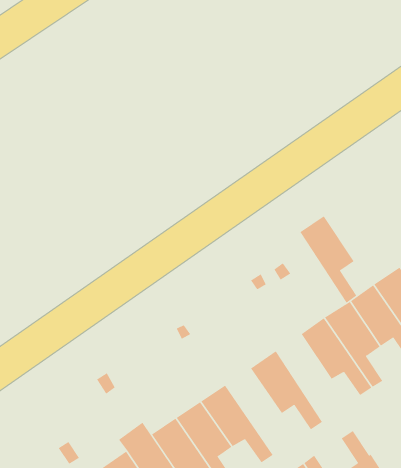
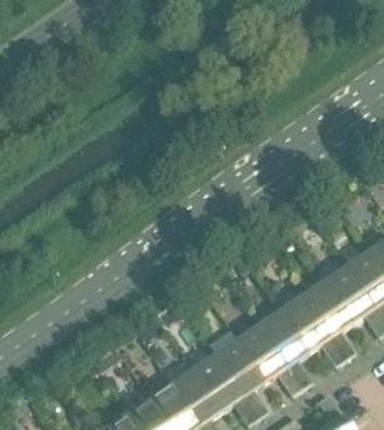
building: [300,216,357,304] -> [259,308,310,385]
building: none -> [214,338,266,414]

